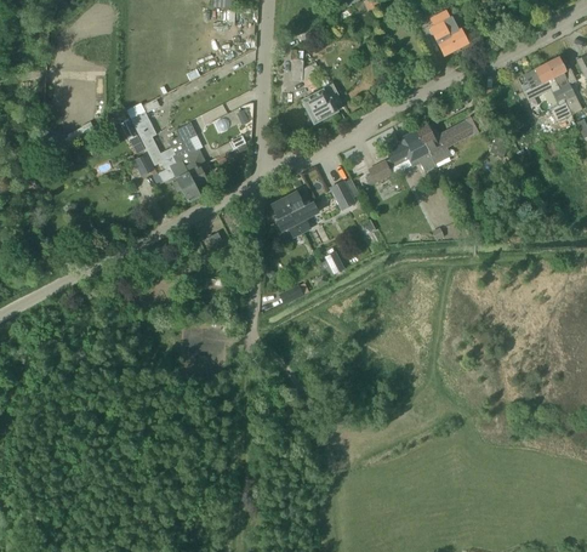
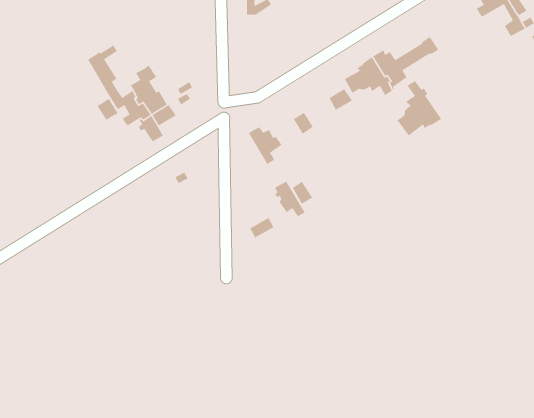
building: [301,84,341,123] -> none
building: none -> [397,80,442,137]
building: [270,198,301,235] -> [274,181,306,217]

